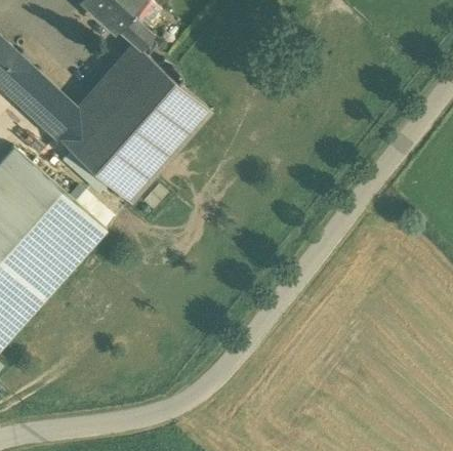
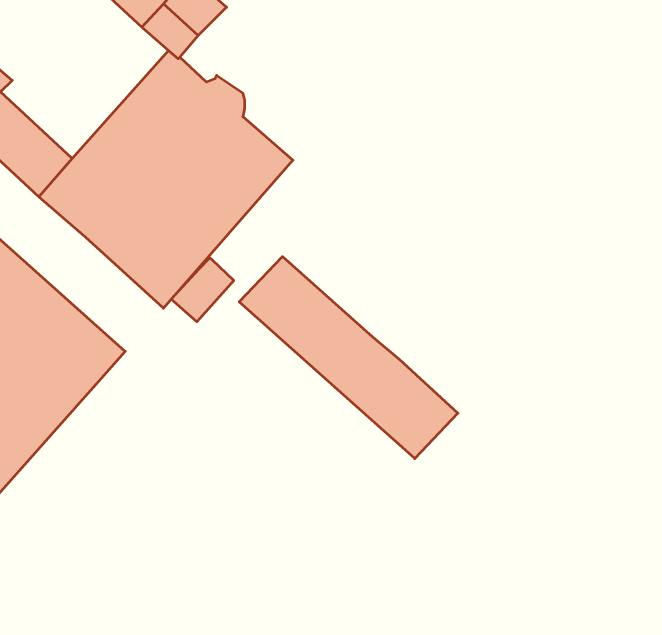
building: none -> [239,257,458,459]
building: none -> [171,258,234,322]

